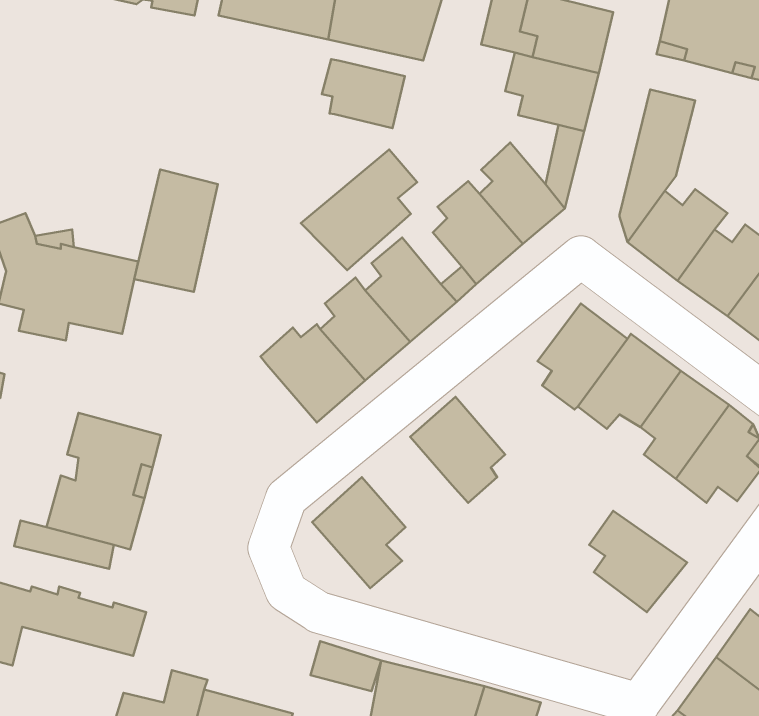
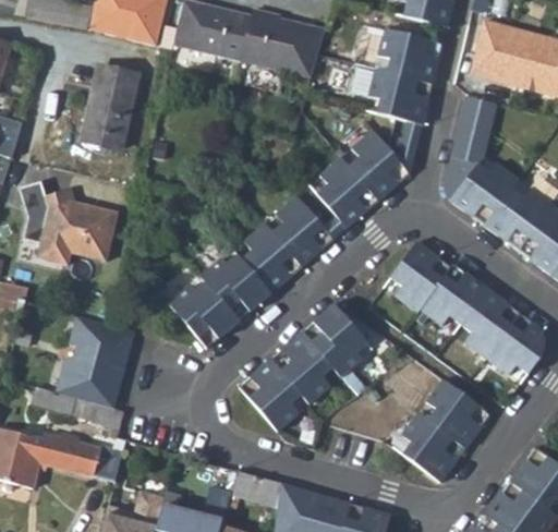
building: [322,59,405,128] -> none
building: [301,149,417,270] -> none
building: [134,170,218,292] -> [81,69,137,152]
building: none -> [168,282,239,350]
building: none -> [269,331,330,403]
building: none -> [398,414,462,485]

